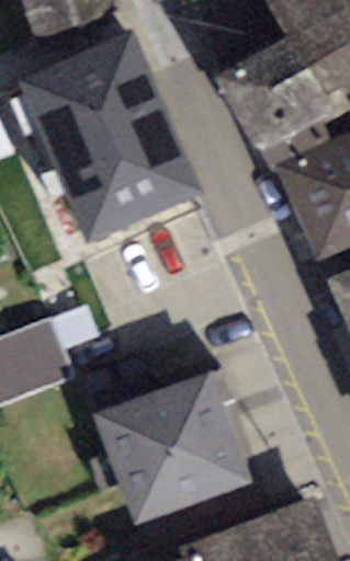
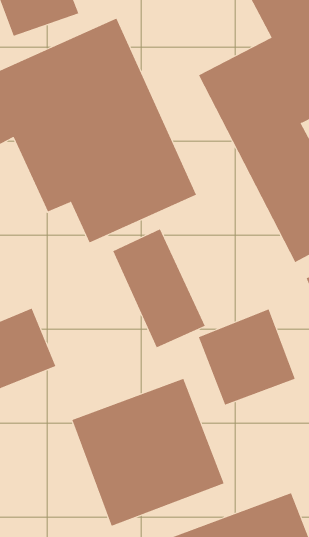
building: none -> [113,228,205,348]
building: none -> [198,309,295,406]

